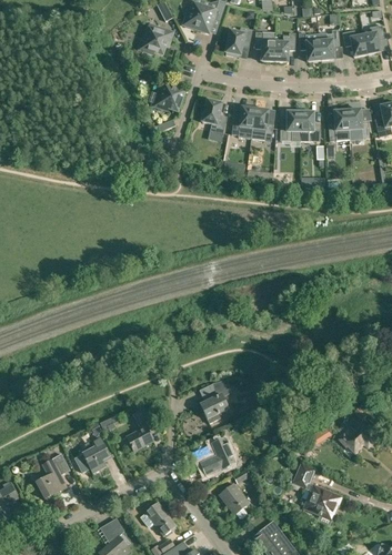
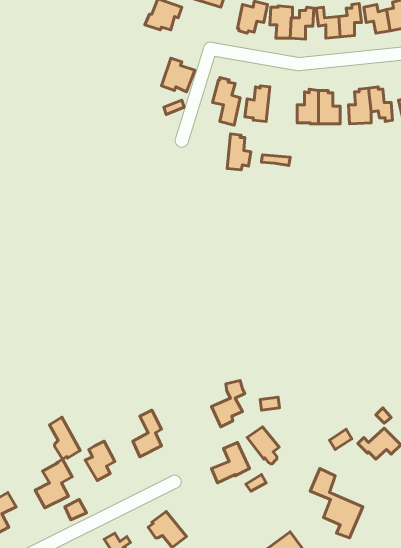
building: [251,107,273,140] -> [227,134,251,170]
building: none -> [49,417,80,459]
building: [219,484,249,518] -> [247,427,279,464]

